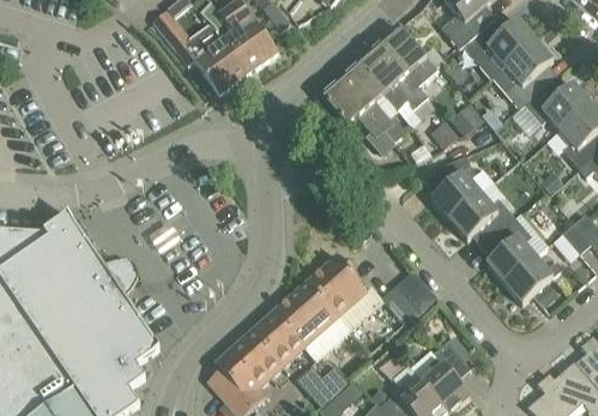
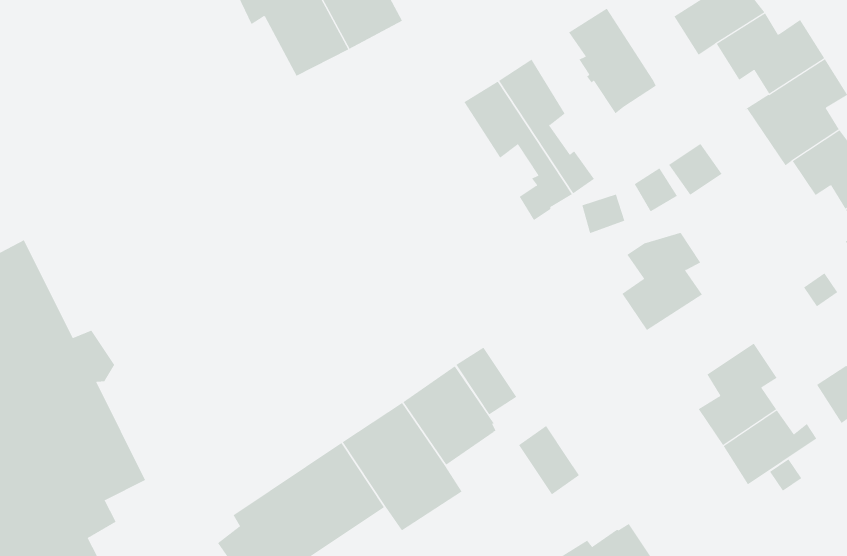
building: [358,44,428,110] -> none
building: [449,192,515,240] -> none
building: [397,270,436,311] -> [456,347,517,415]

